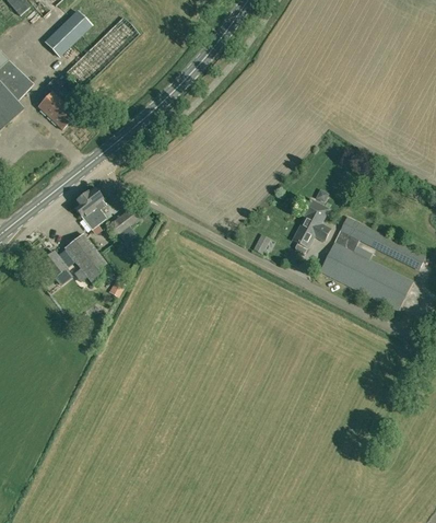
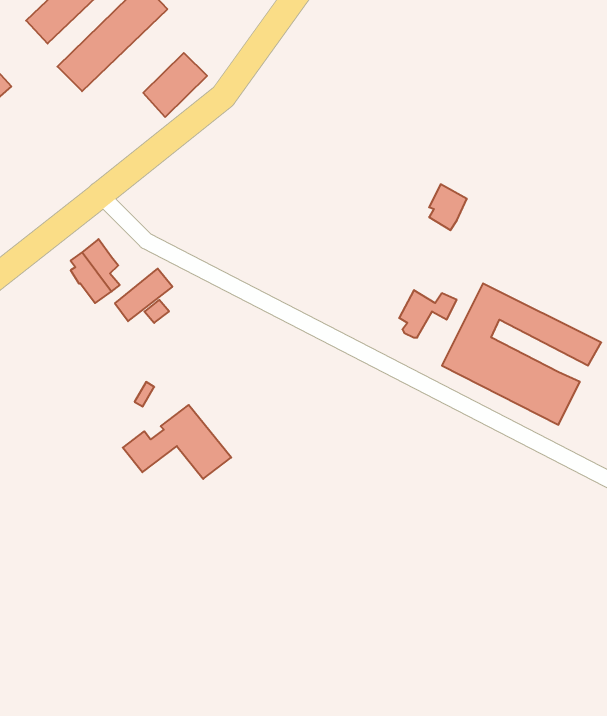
building: none -> [143,53,207,117]
building: [37,90,75,128] -> none
building: [303,198,328,229] -> [429,184,467,230]
building: [39,233,111,282] -> [123,405,231,479]

